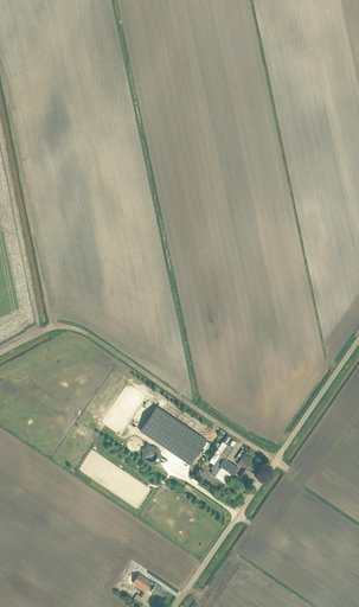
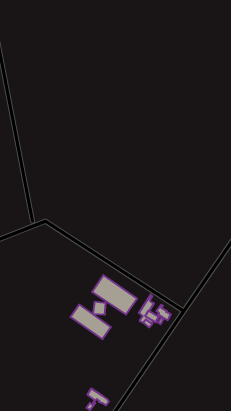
building: none -> [70,305,111,339]

